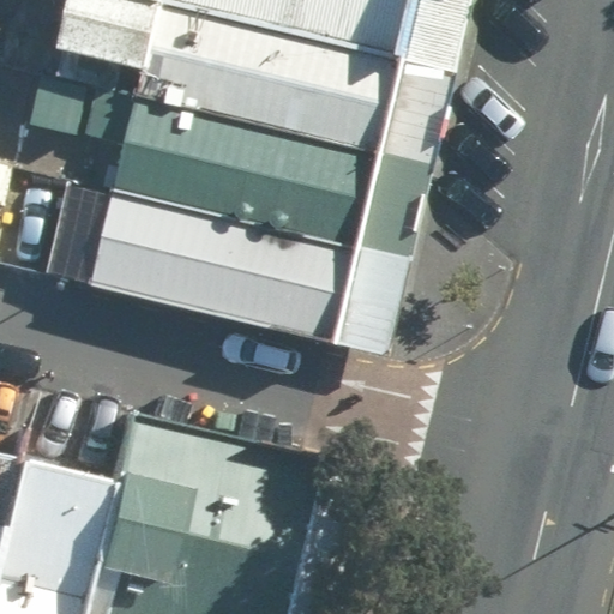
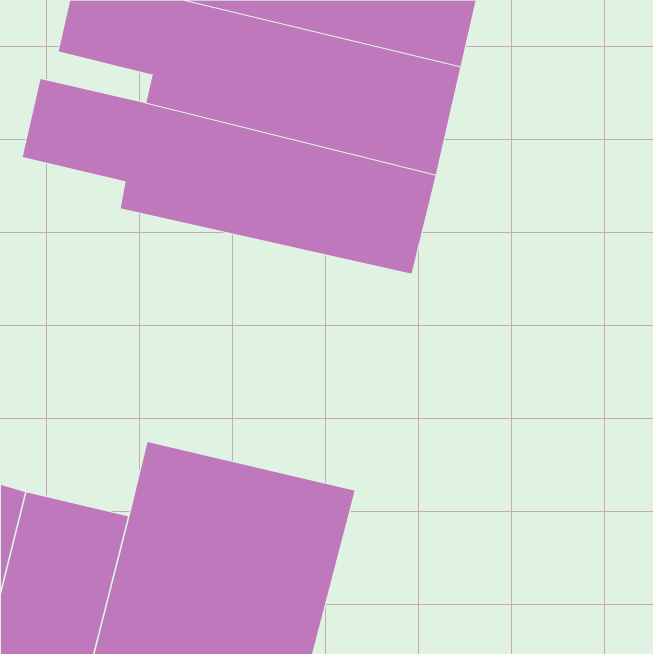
building: [96,198,389,347] -> none

